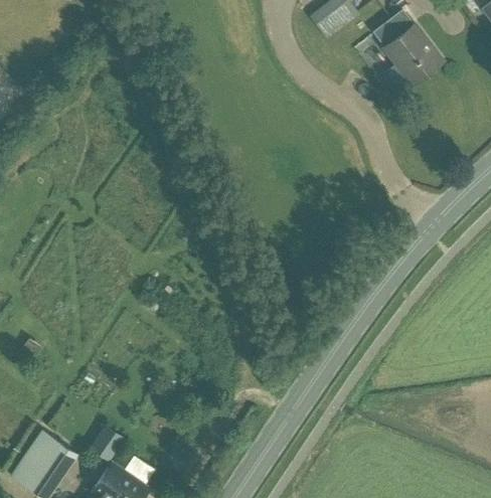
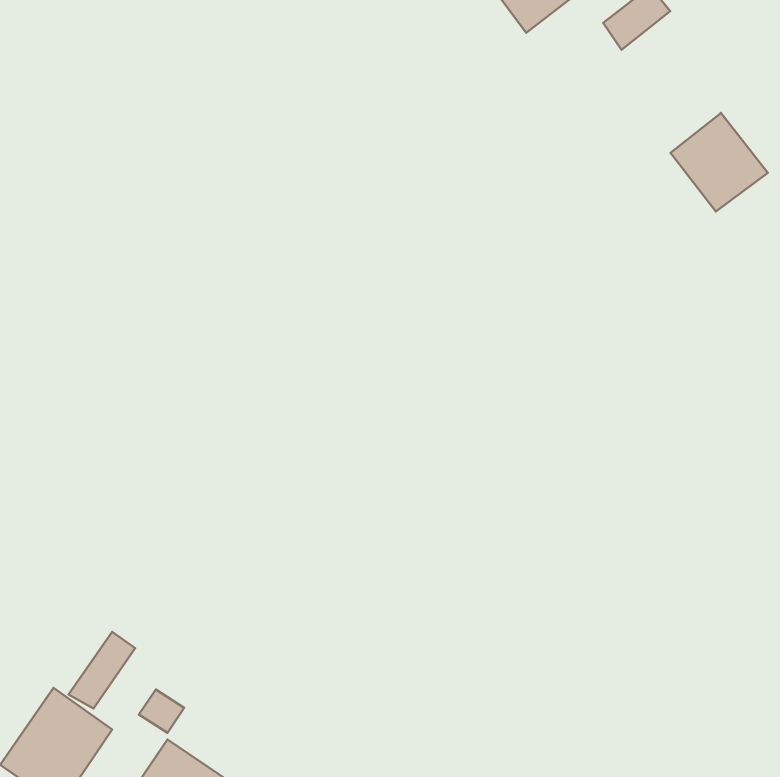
building: [384,24,443,84] -> [670,113,768,212]
building: none -> [69,632,135,708]

